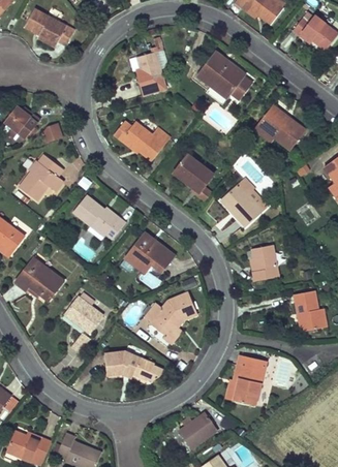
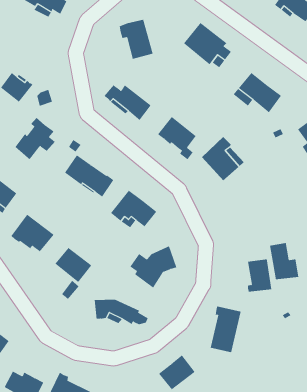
building: [250,244,277,280] -> [247,259,272,292]

